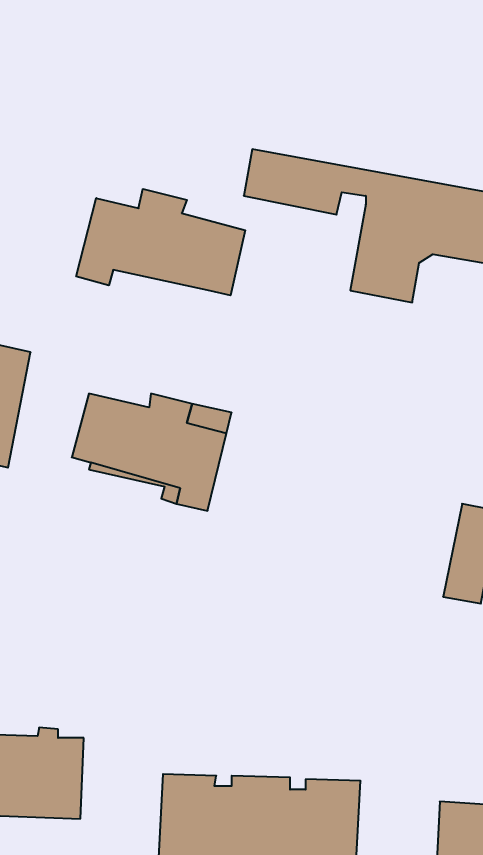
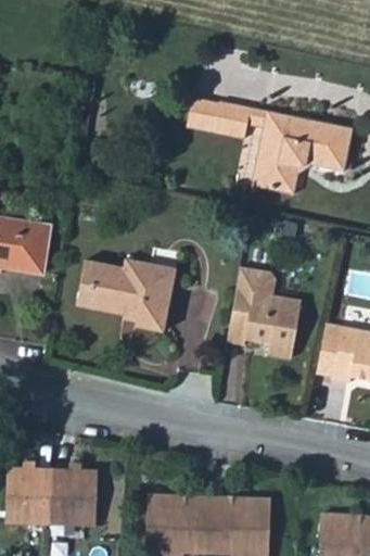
building: [76,189,245,295] -> none
building: none -> [228,265,305,362]

